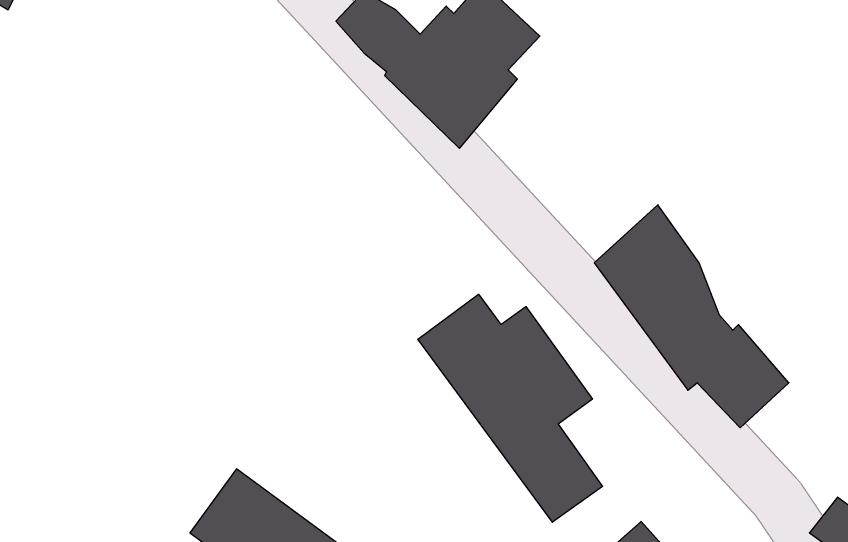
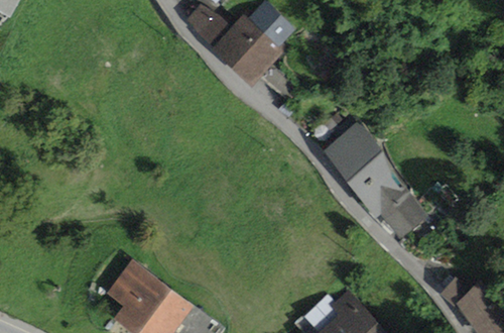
building: [418,294,603,522] -> none

